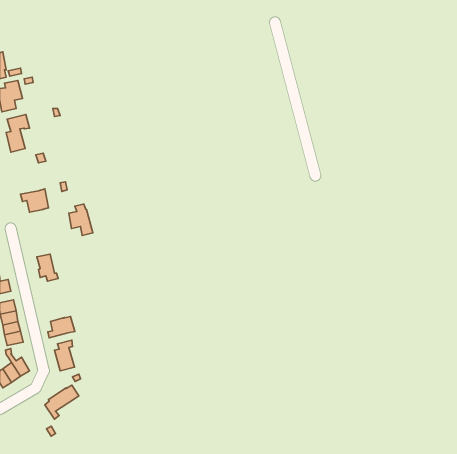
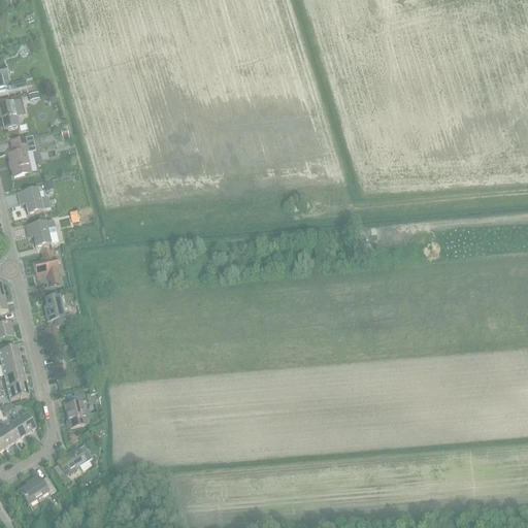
building: none -> [16,186,48,211]
building: [69,204,93,236] -> [32,248,60,284]
building: [48,317,75,338] -> none
building: none -> [19,472,54,502]

